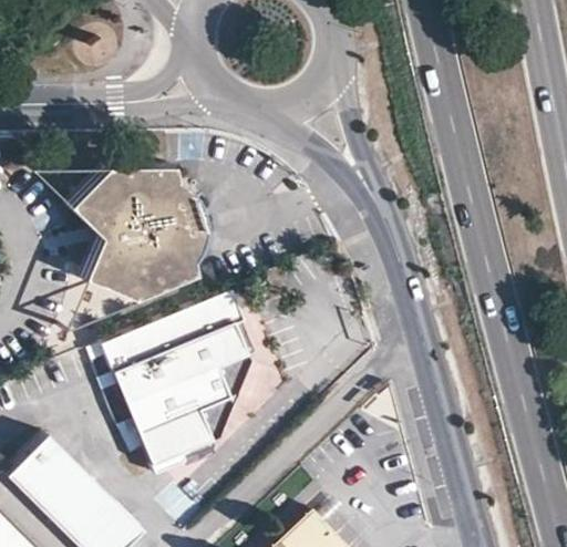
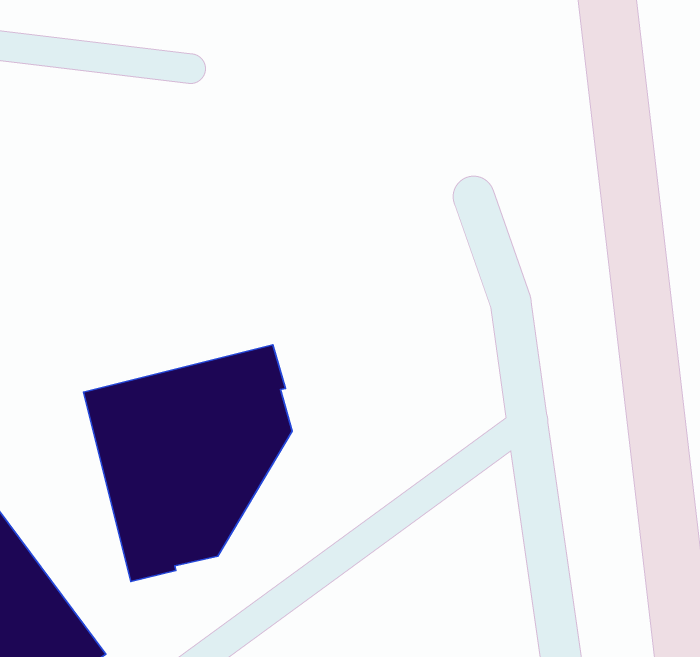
building: [71,162,207,301] -> none

